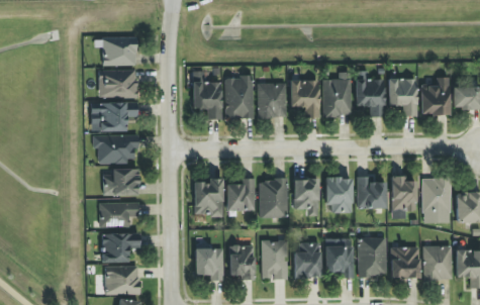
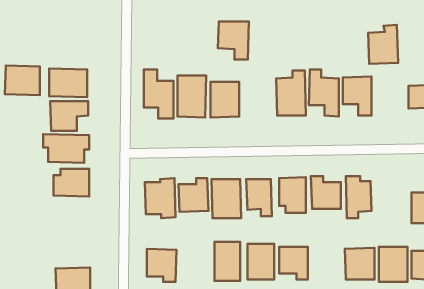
building: [102,36,136,66] -> [5,66,40,95]
building: [420,77,450,115] -> [368,25,398,64]
building: [289,80,319,117] -> [218,21,249,59]
building: [422,178,451,223] -> none
building: [99,202,138,227] -> none
building: [102,232,139,263] -> none
building: [359,237,387,277] -> none
building: [229,245,255,280] -> none

